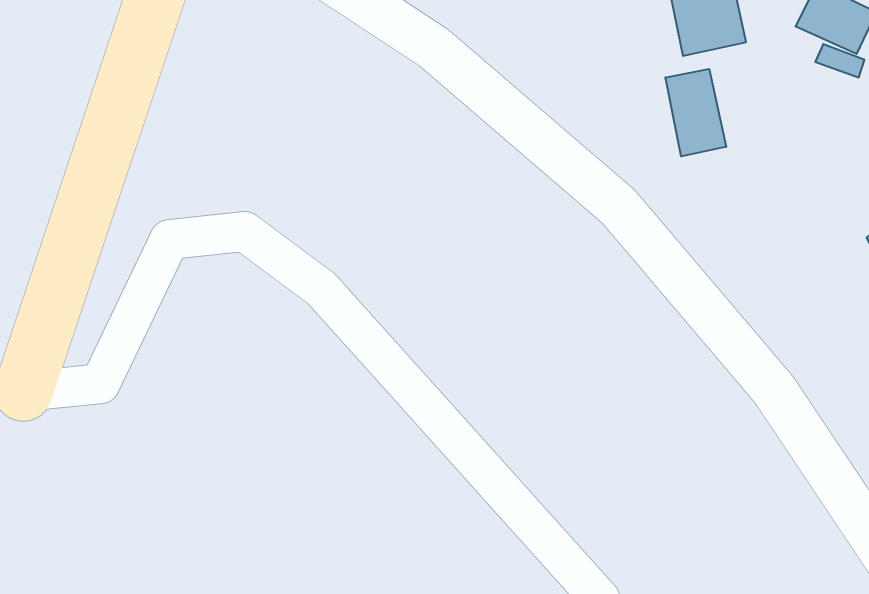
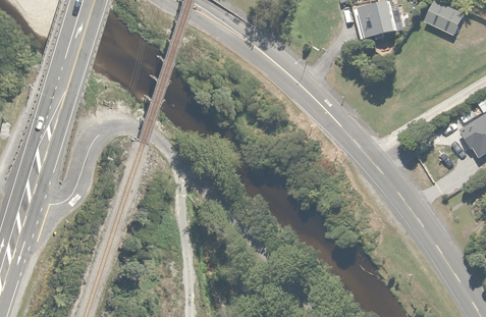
building: [665,69,726,156] -> none

